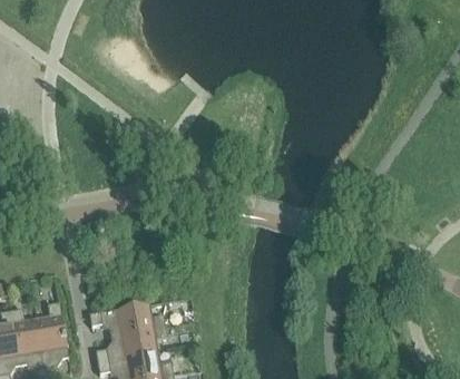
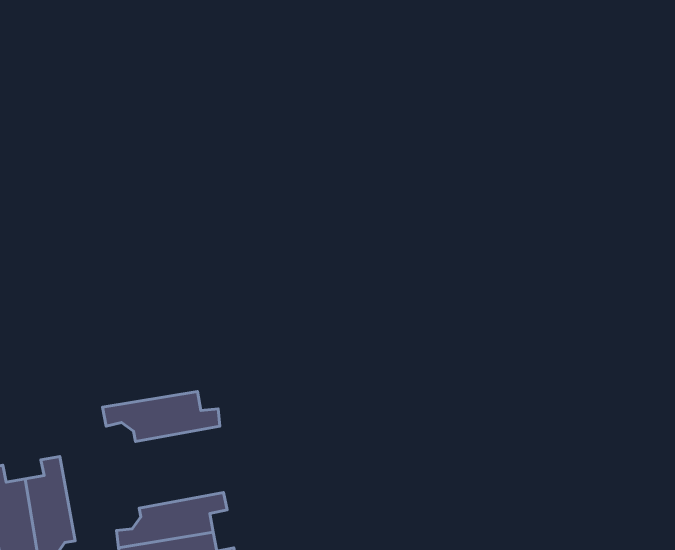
building: [88,303,164,336] -> [103,392,220,442]

